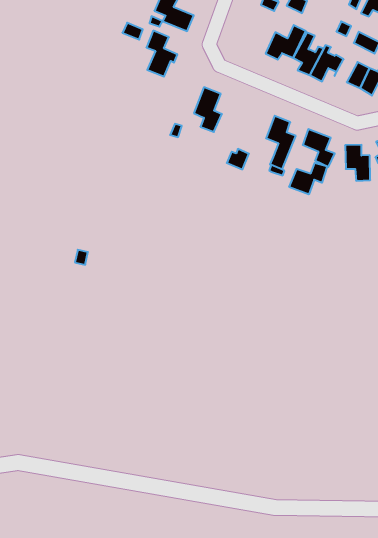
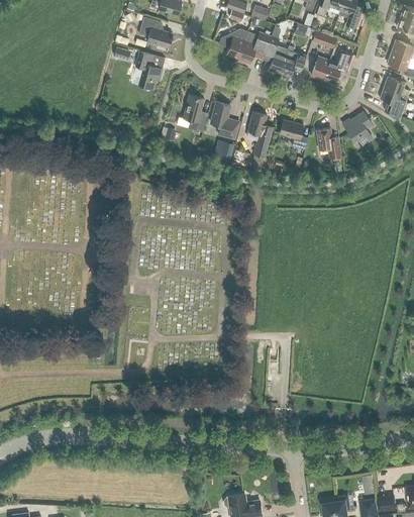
building: none -> [219,29,247,59]
building: none -> [211,101,239,138]
building: [289,163,327,194] -> none

